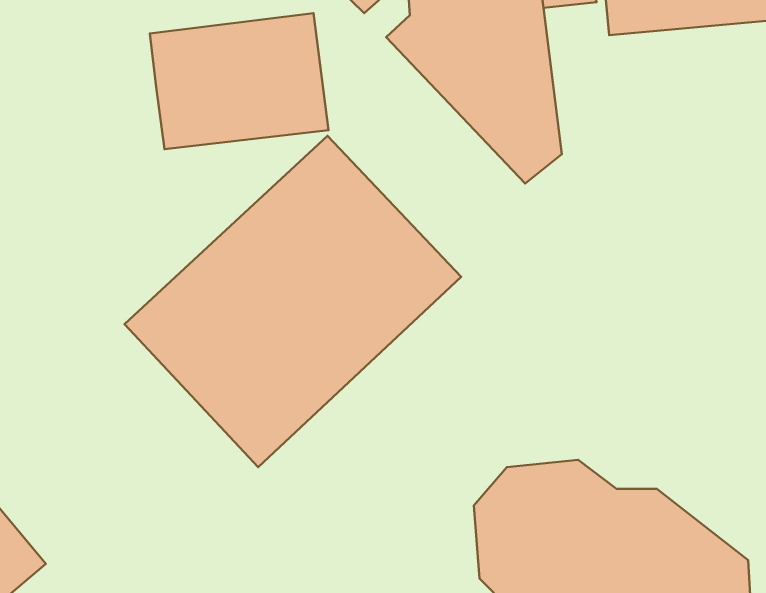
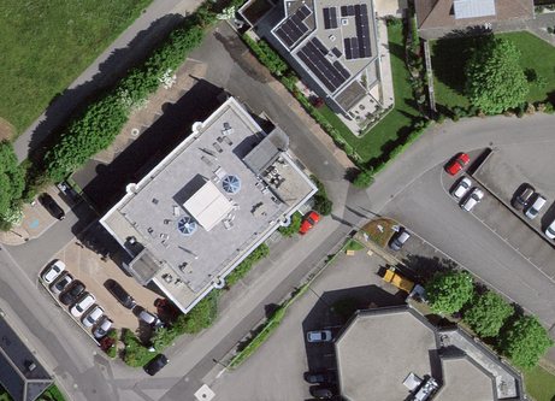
building: [150,13,329,149] -> none

